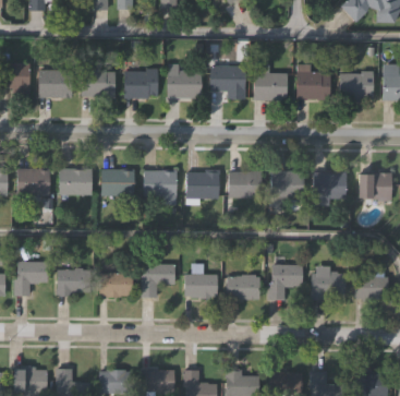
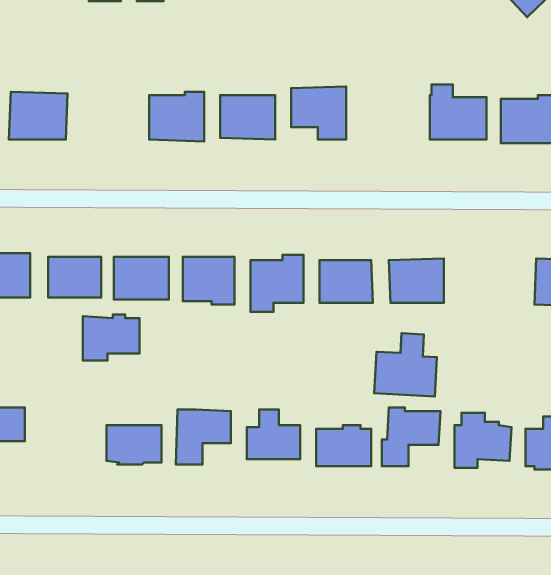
building: [253,63,287,98] -> none
building: [81,68,114,95] -> none
building: [315,171,347,205] -> none
building: none -> [374,333,437,396]
building: [57,267,92,296] -> [83,314,139,361]

